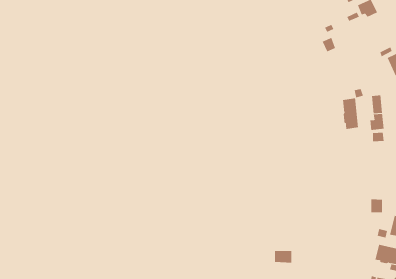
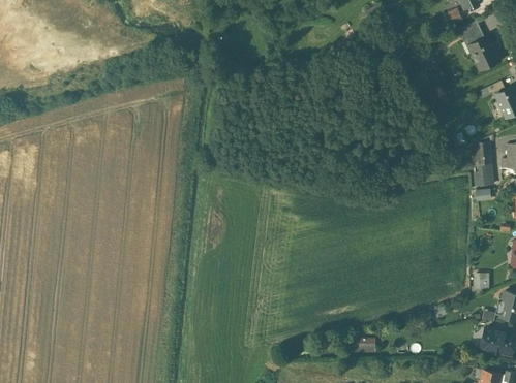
building: none -> [471,36,499,70]
building: [343,98,359,130] -> none

